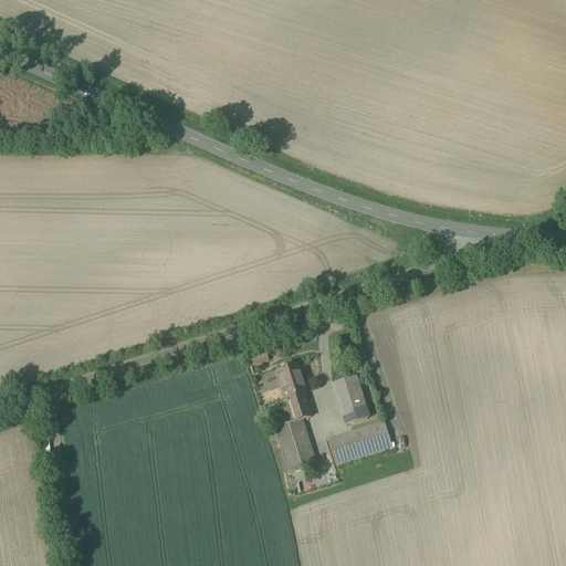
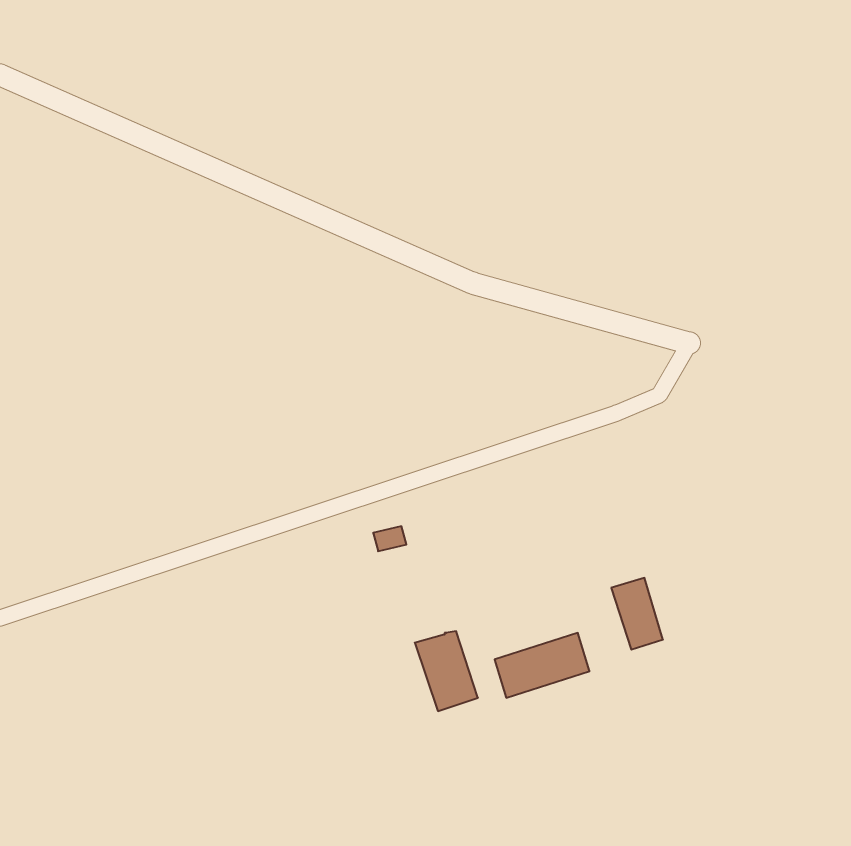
building: [277,365,311,420] -> none
building: [333,377,367,424] -> [611,578,663,650]

